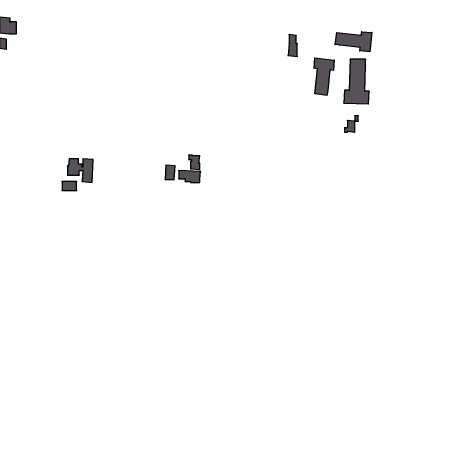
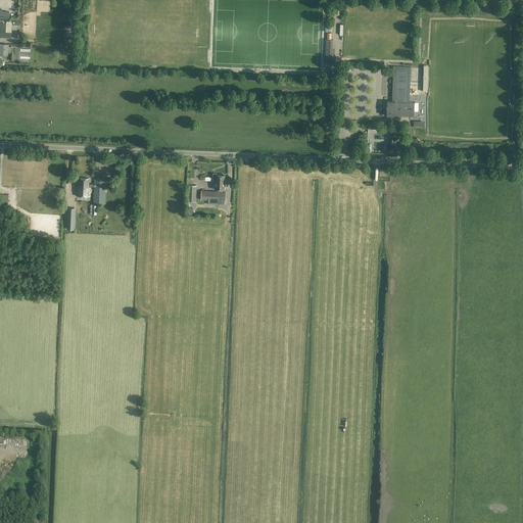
building: [335,32,372,52] -> none
building: [314,58,334,95] -> none

